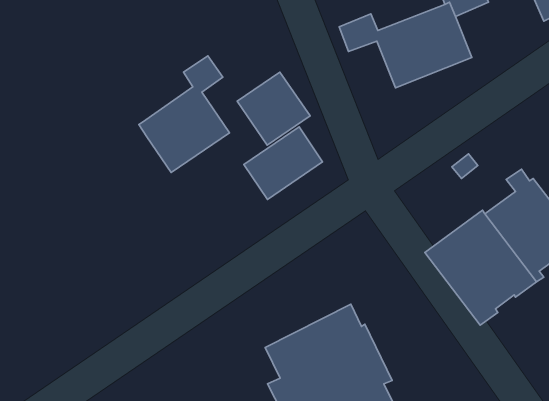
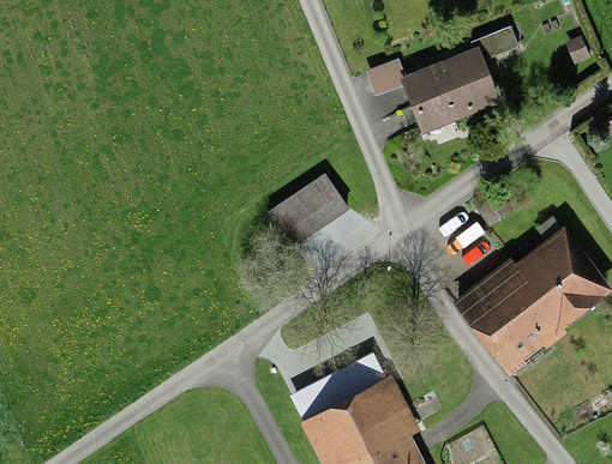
building: [139,56,230,173] -> none
building: [237,72,310,145] -> none

